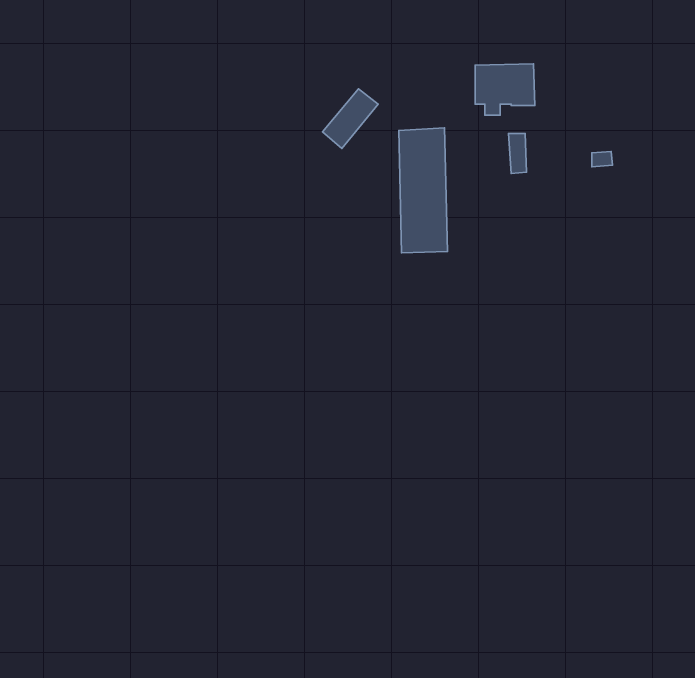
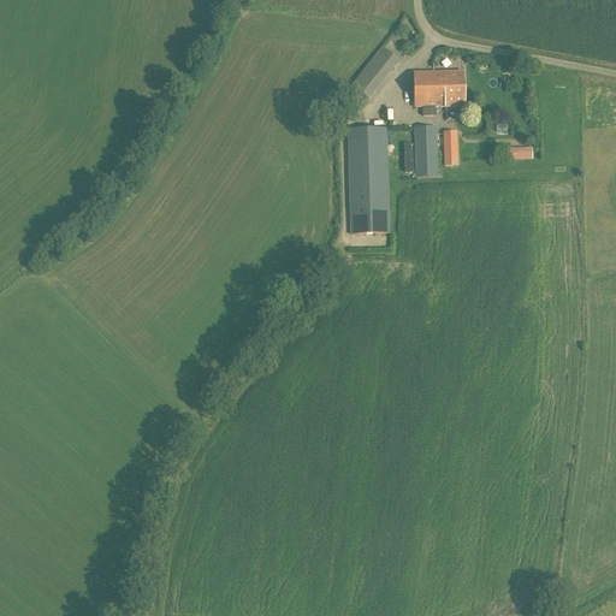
building: [322,89,378,148] -> [350,43,398,95]
building: none -> [413,125,437,177]

